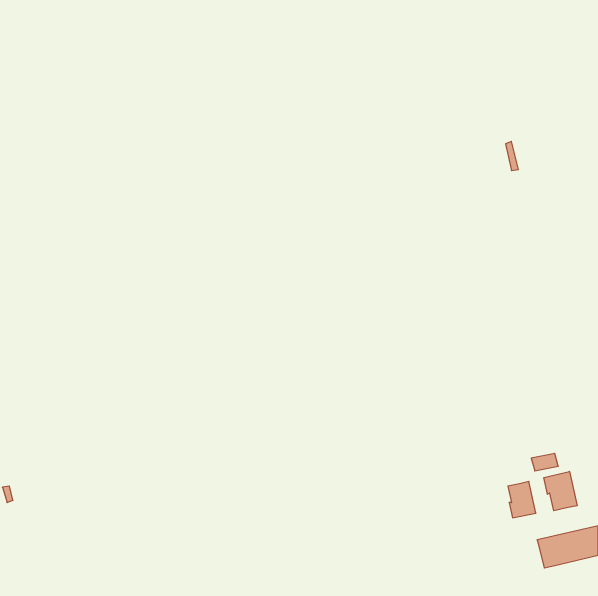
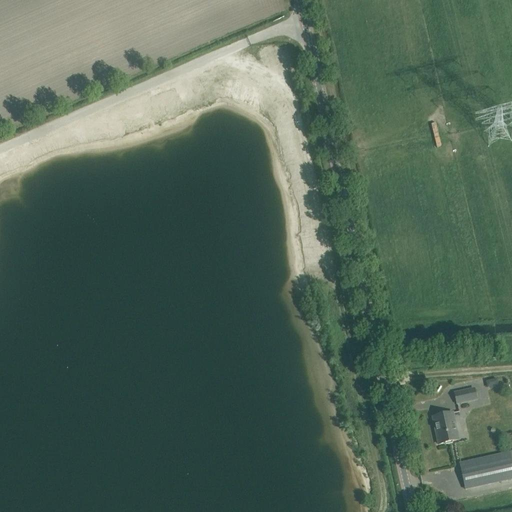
building: [544,471,577,511] -> none

